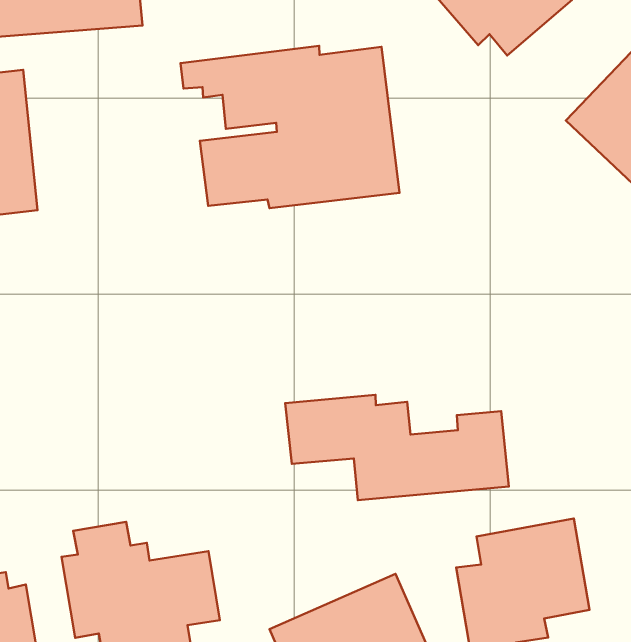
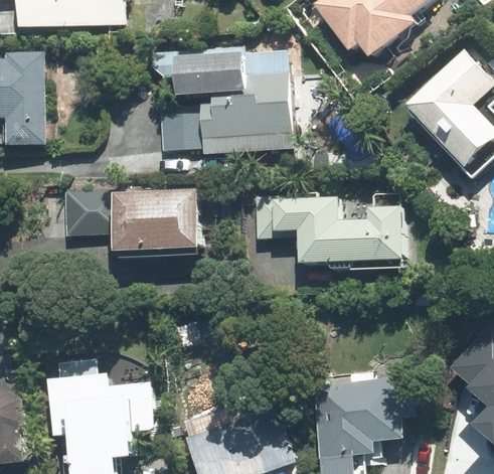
building: none -> [63,187,201,255]
building: [285,395,509,500] -> [255,193,402,264]

